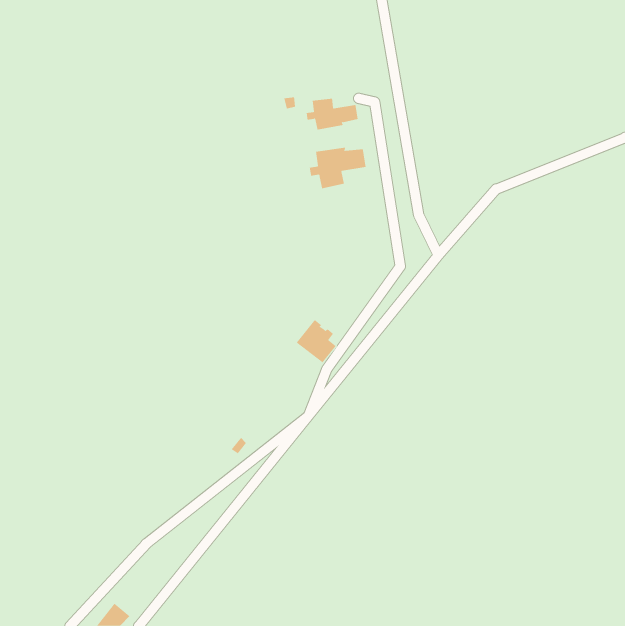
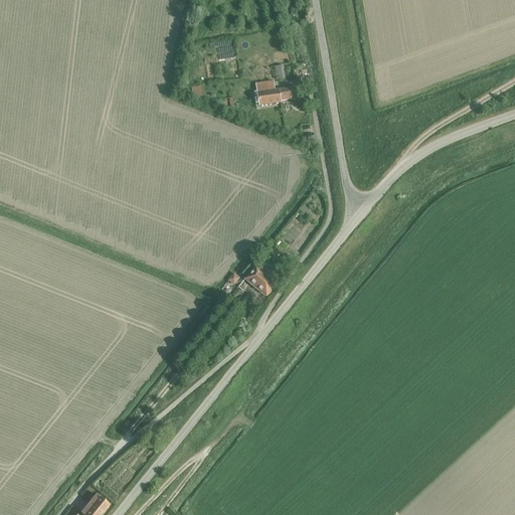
building: [309,147,366,189] -> none

